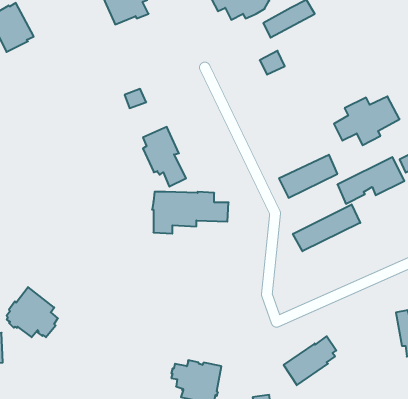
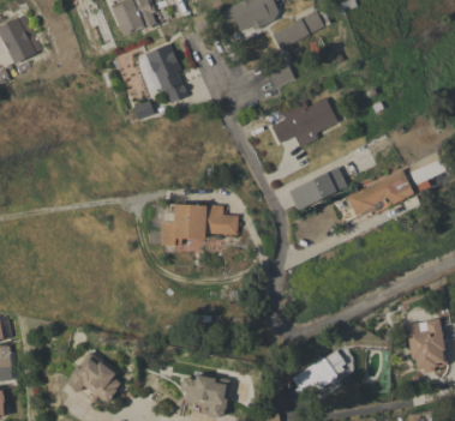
building: [334,96,400,145] -> [271,98,337,148]
building: [143,127,186,187] -> [145,43,188,103]
building: [293,204,360,251] -> none
building: [7,287,58,337] -> [68,351,120,402]

